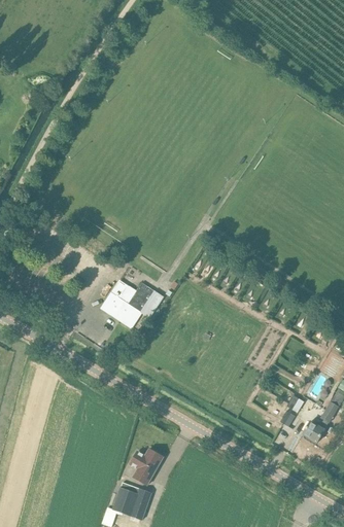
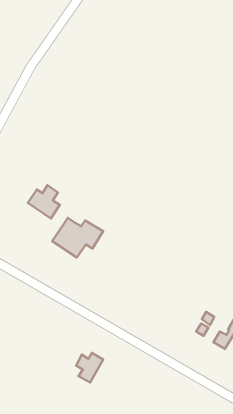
building: none -> [28,185,60,218]
building: [112,482,151,520] -> none

